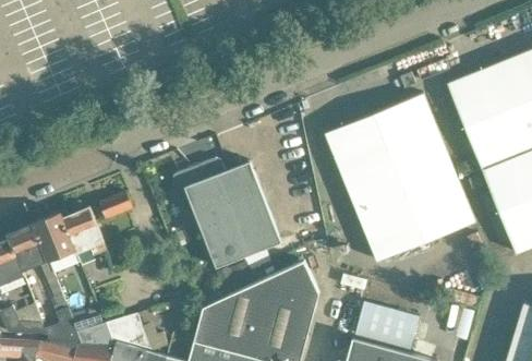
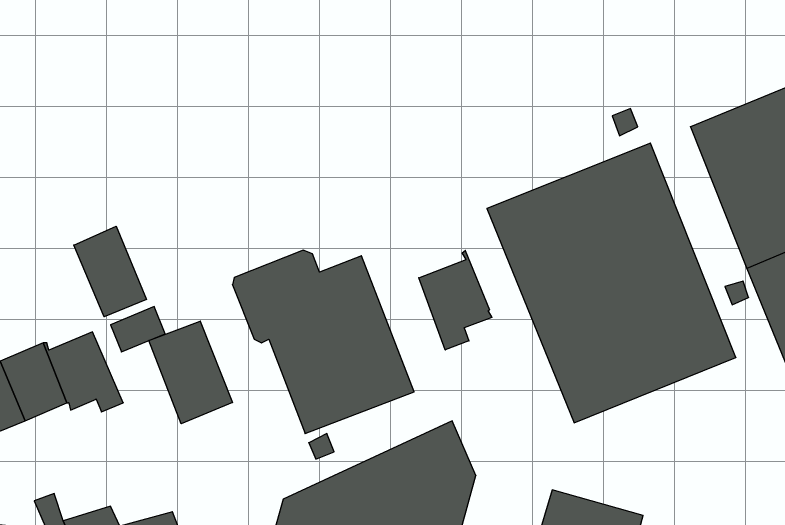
building: none -> [74,226,147,317]
building: none -> [419,250,492,350]
building: none -> [149,321,232,424]

